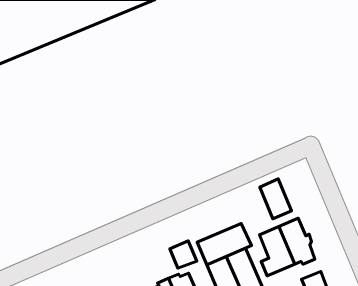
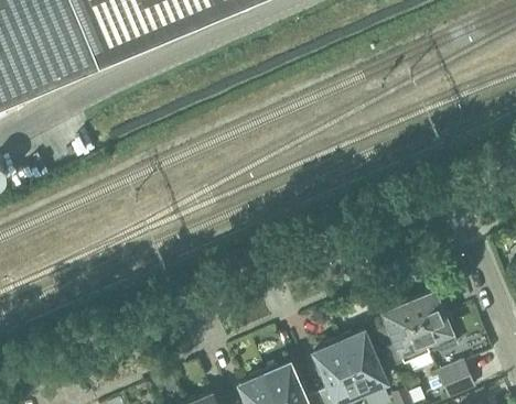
building: [260,179,292,219] -> none
building: [197,224,252,265] -> none
building: [170,241,197,268] -> none

